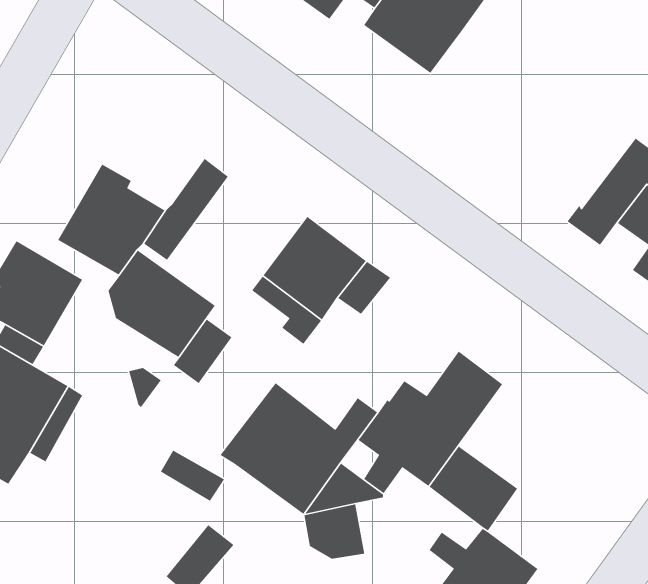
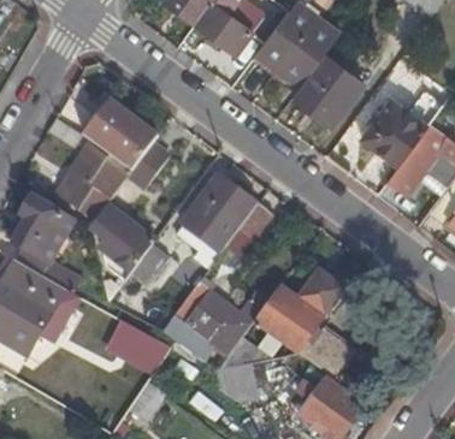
building: none -> [289,57,359,126]
building: none -> [82,97,158,170]
building: none -> [360,100,426,168]

